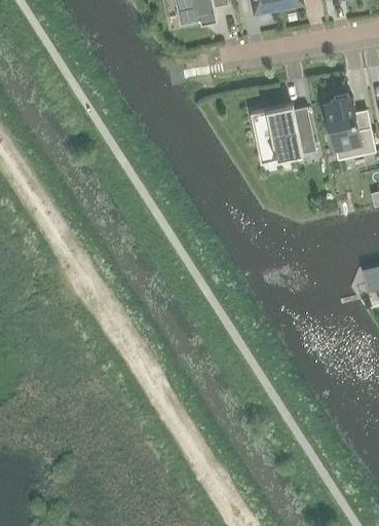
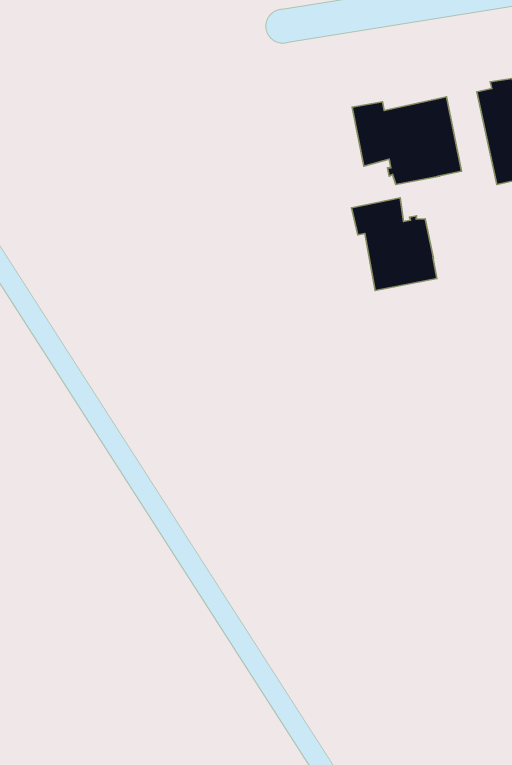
building: none -> [351,198,437,291]

